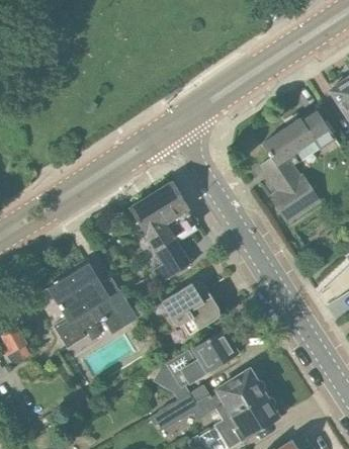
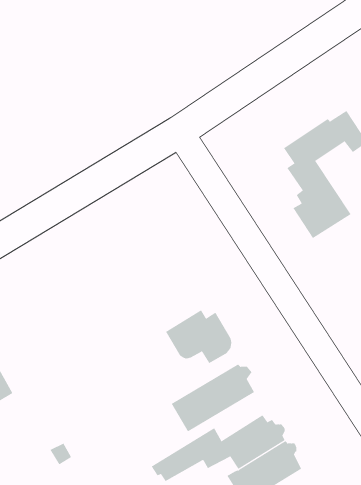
building: [129,181,197,283] -> none
building: [50,269,136,348] -> none

